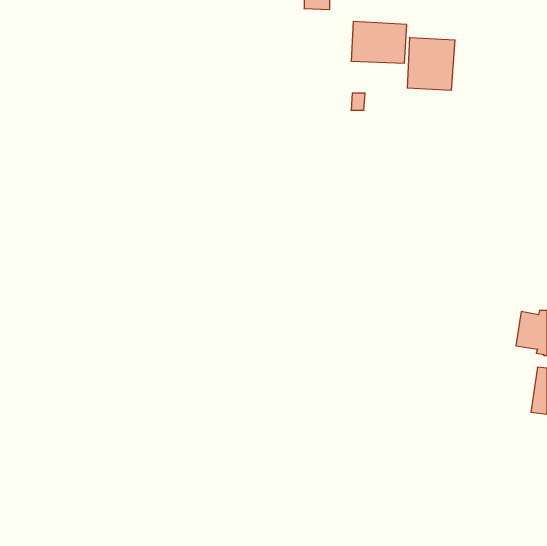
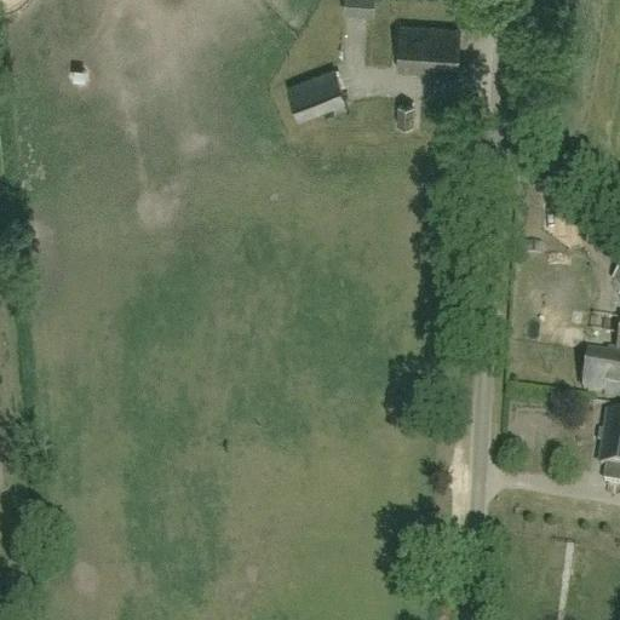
building: [407,37,455,90] -> none
building: none -> [287,69,348,119]

